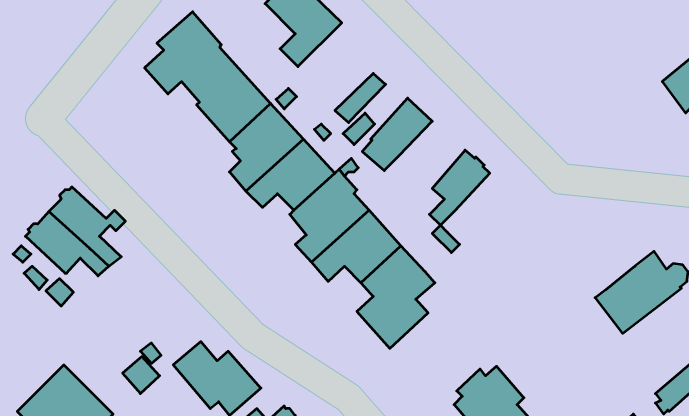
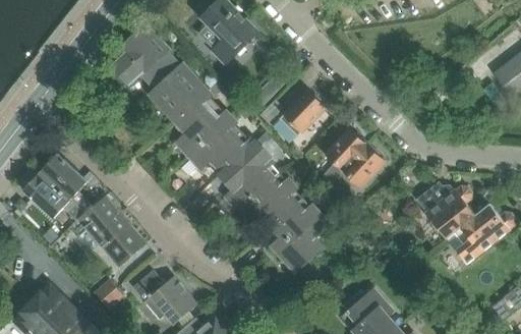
building: none -> [342,145,385,188]
building: none -> [416,180,475,238]
building: none -> [77,198,142,265]

